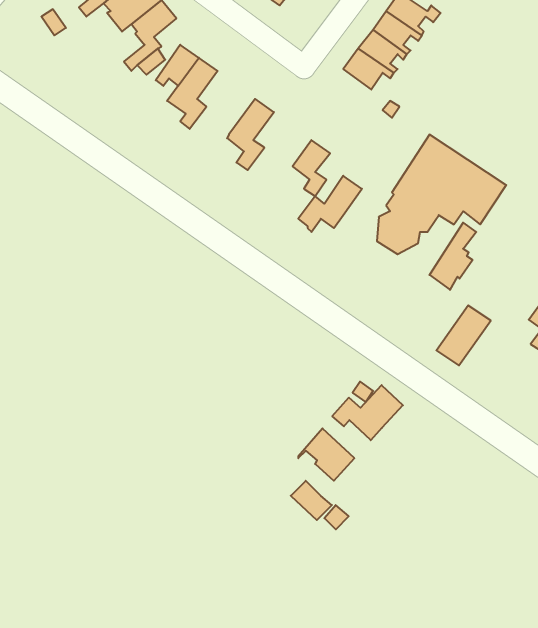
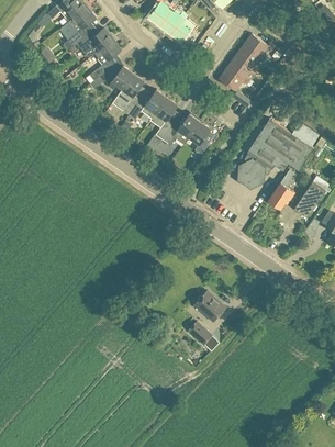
building: none -> [129,89,167,119]
building: [298,176,362,232] -> [163,113,200,146]
building: [436,305,491,365] -> [294,181,326,216]
building: [332,385,403,440] -> none

